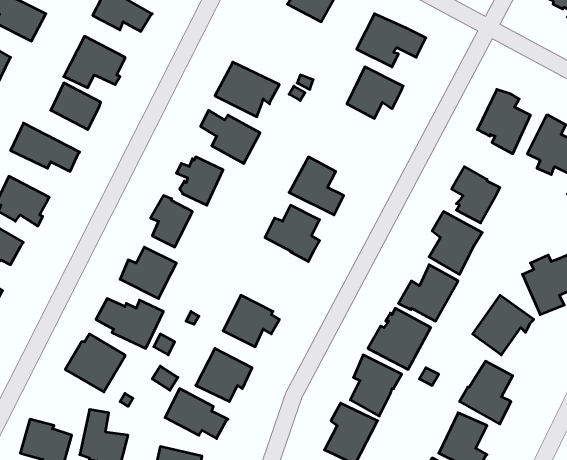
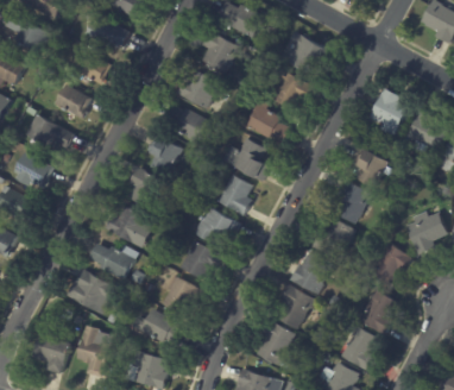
building: none -> [201,31,239,73]
building: none -> [247,99,292,141]
building: none -> [194,206,241,243]

